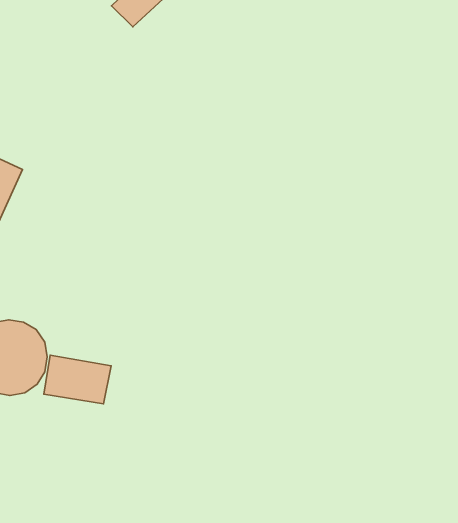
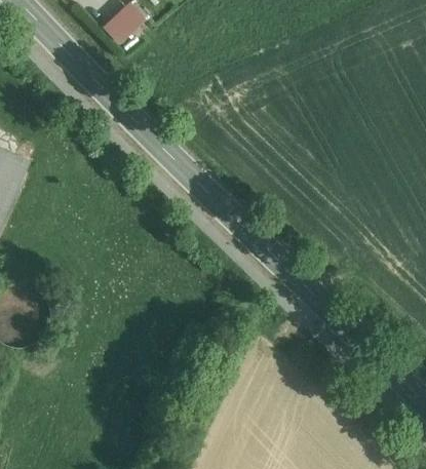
building: [44,355,111,404] -> none

